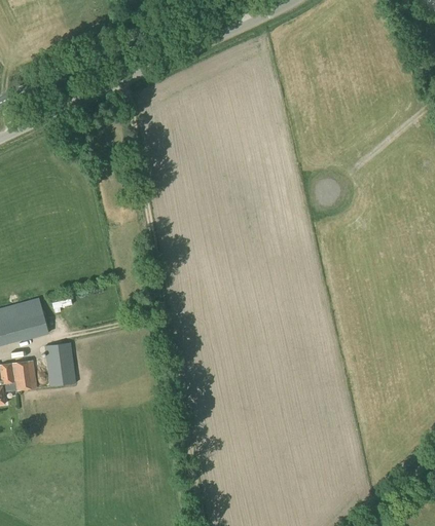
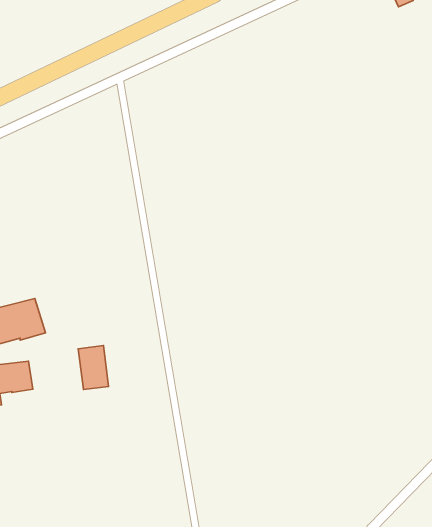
building: [45,343,75,386] -> [78,346,109,390]

